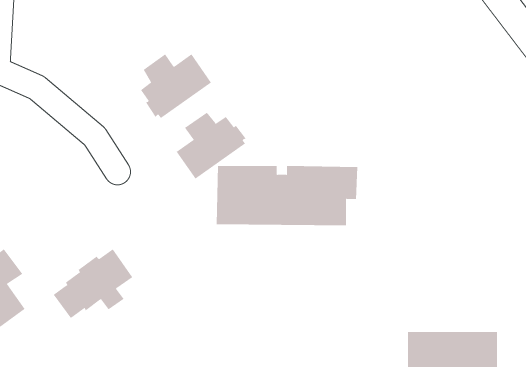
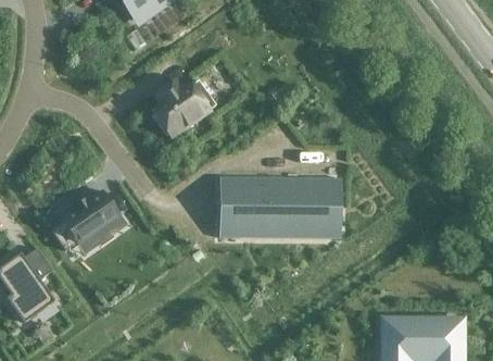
building: [176,112,246,179] -> none
building: [53,248,133,319] -> [50,191,119,252]

